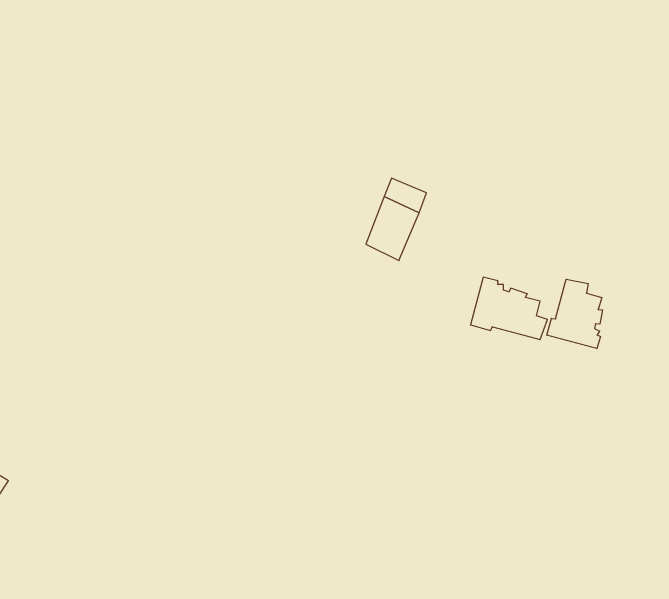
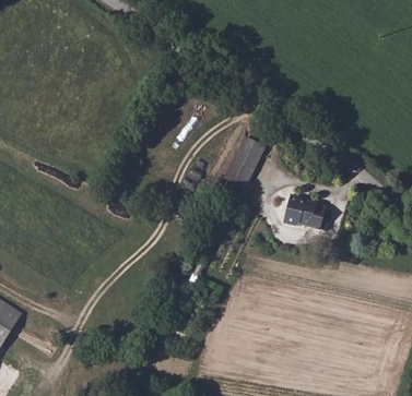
building: [547,279,602,349] -> none

